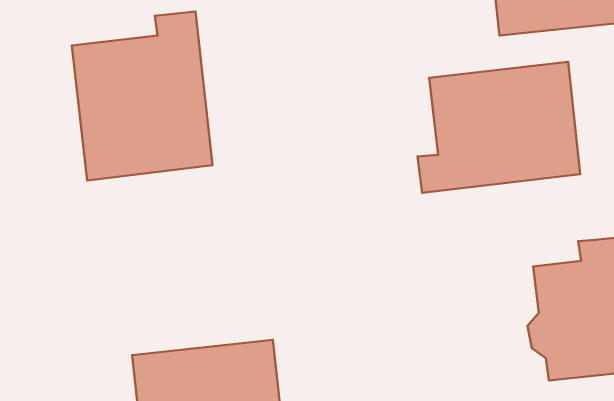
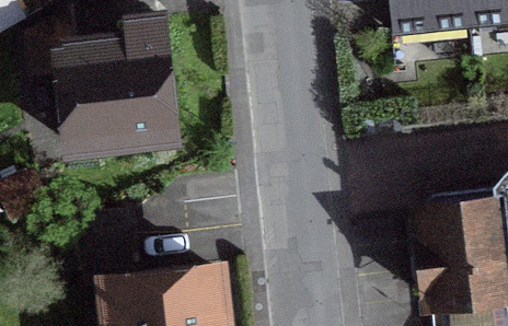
building: [418,62,580,193] -> none

